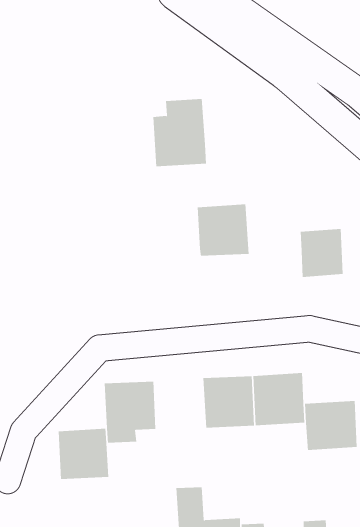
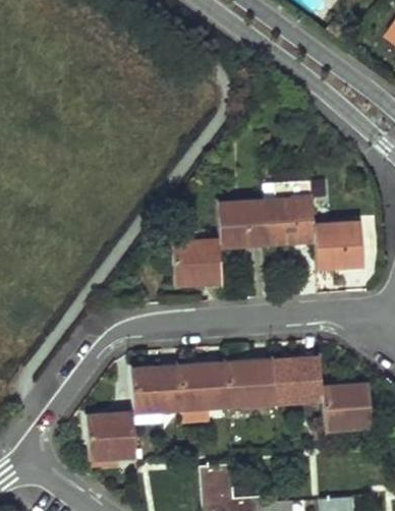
building: [152,99,207,167] -> [266,179,318,244]
building: none -> [177,239,224,286]
building: none -> [178,362,227,422]

